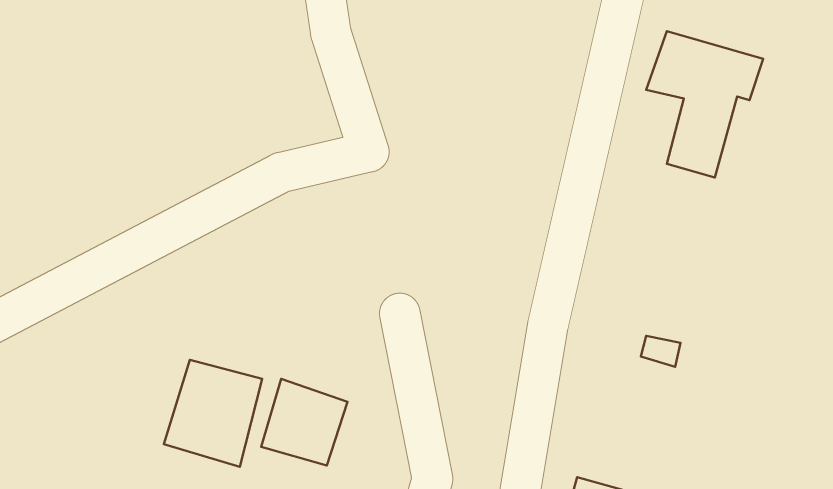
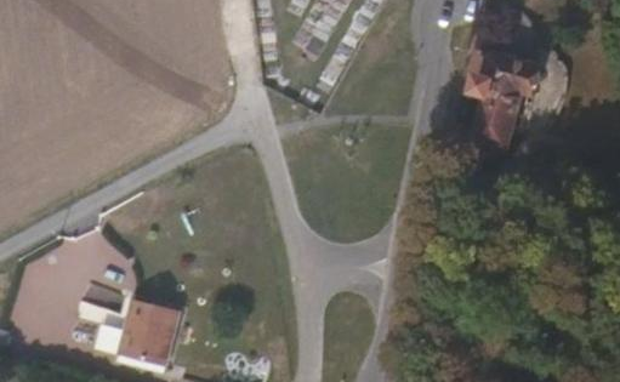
building: [261,379,347,465] -> none

